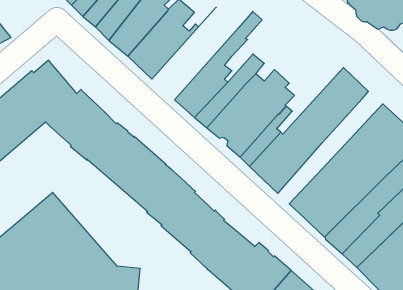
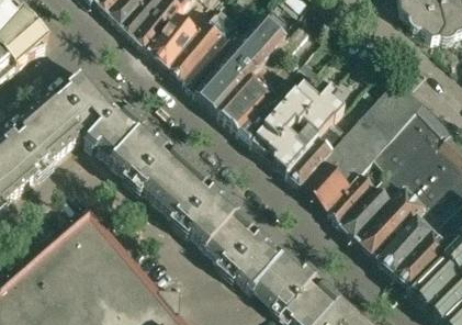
building: none -> [192,15,283,113]
building: none -> [325,103,436,223]

